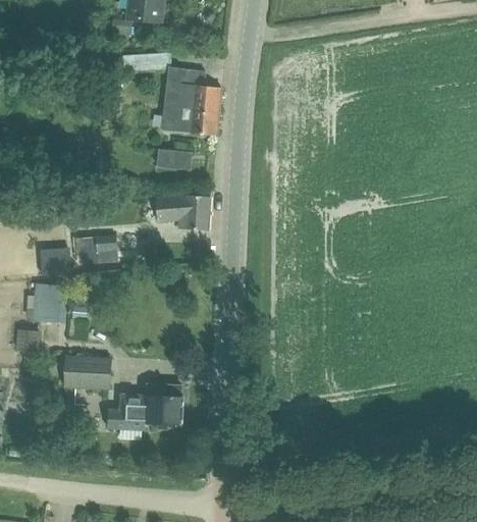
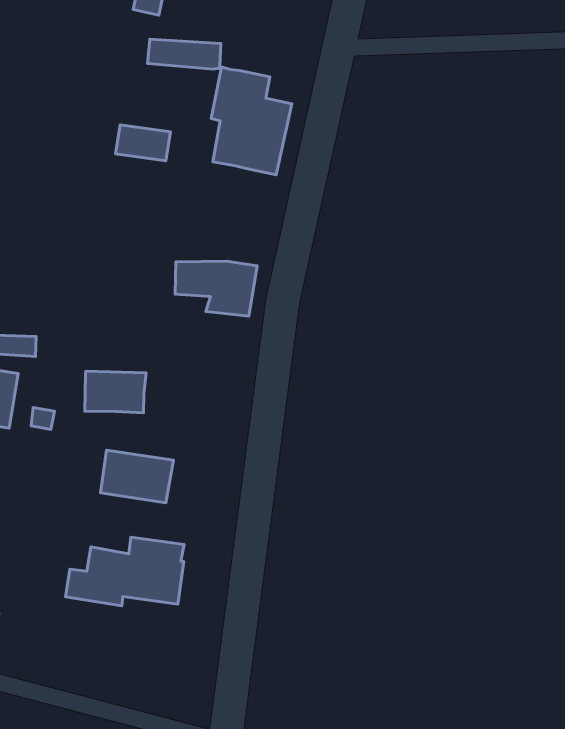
building: [154,147,189,167] -> [116,125,171,161]
building: [76,234,117,264] -> [85,371,146,413]
building: [64,356,110,386] -> [100,450,174,503]

